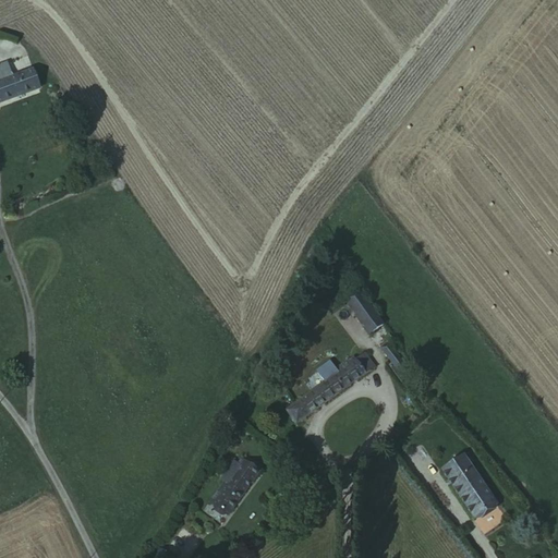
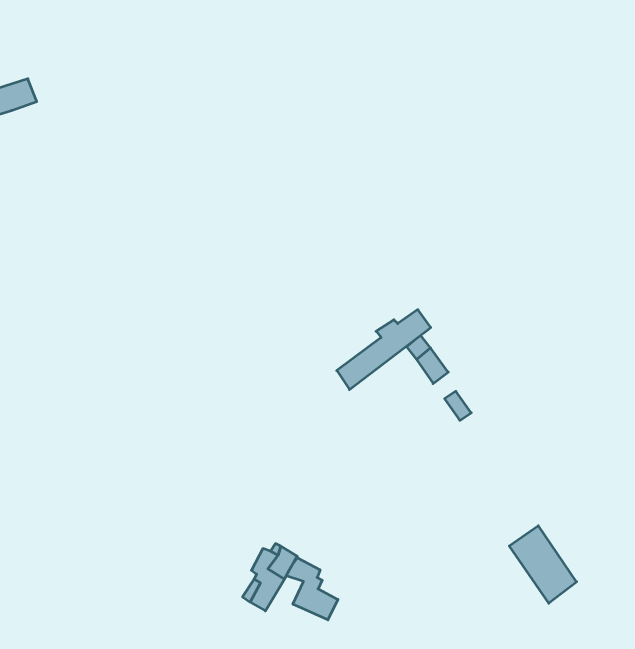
building: [294,348,375,416] -> [337,310,431,390]
building: none -> [286,558,338,620]

